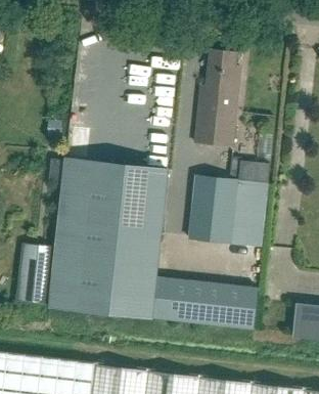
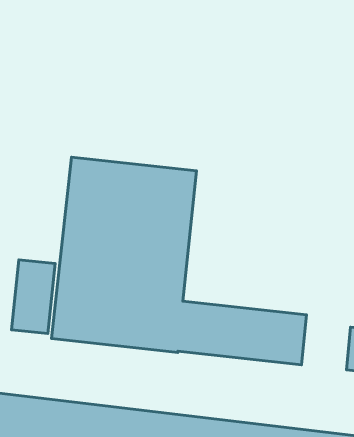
building: [195,50,240,146] -> none
building: [189,171,269,246] -> none

